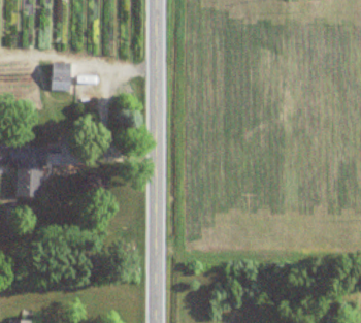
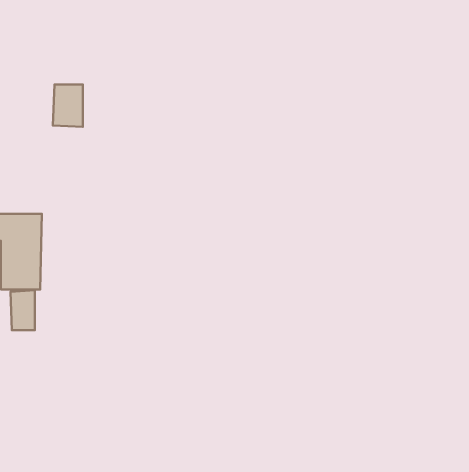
building: none -> [10,290,35,330]

